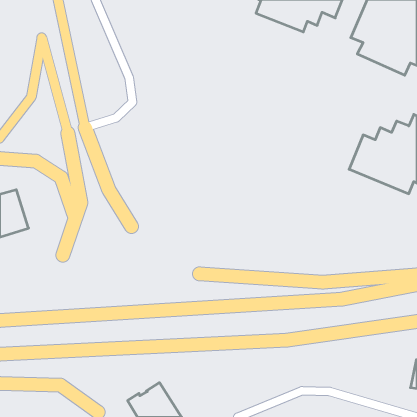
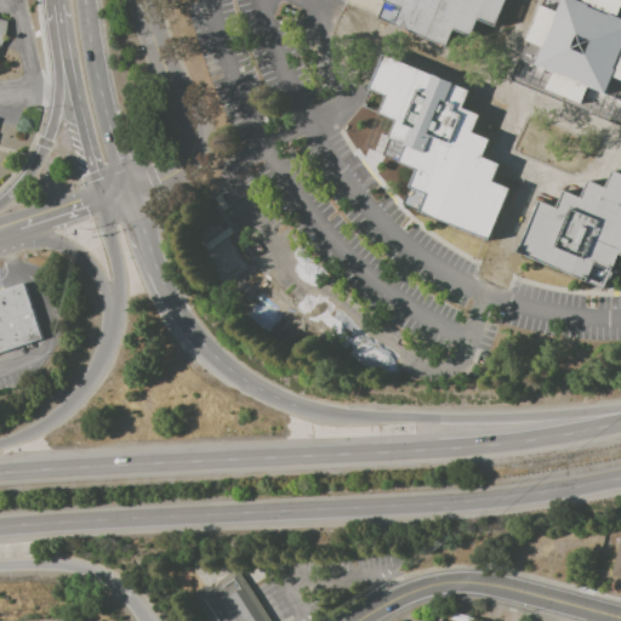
building: none -> [361,53,511,238]

